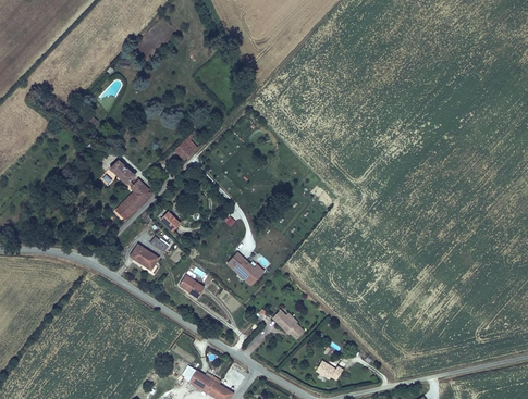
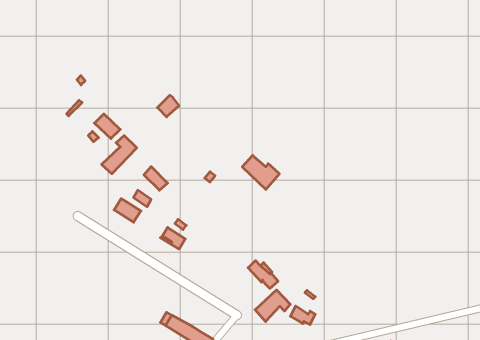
building: [226,251,266,287] -> [242,155,279,189]
building: none -> [255,290,290,322]

